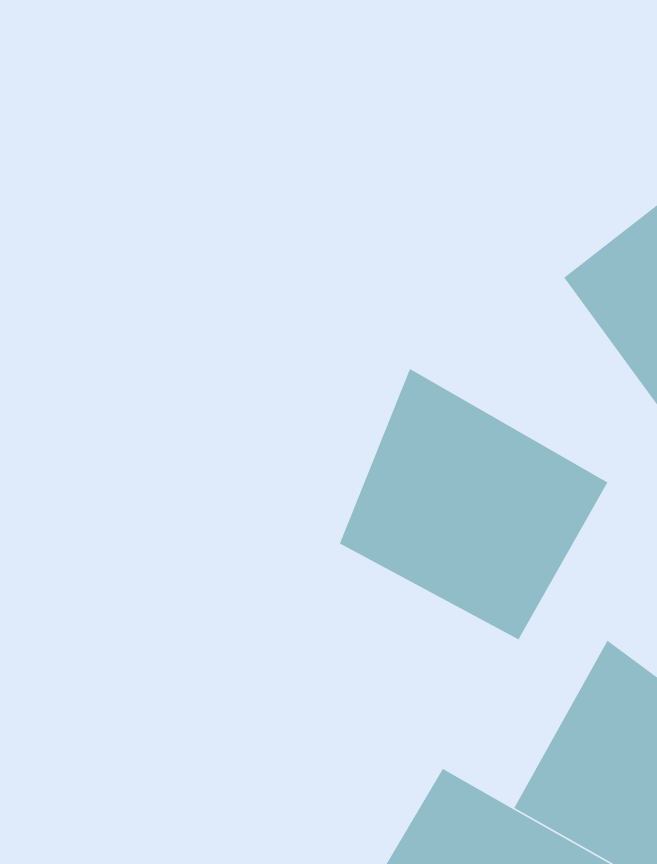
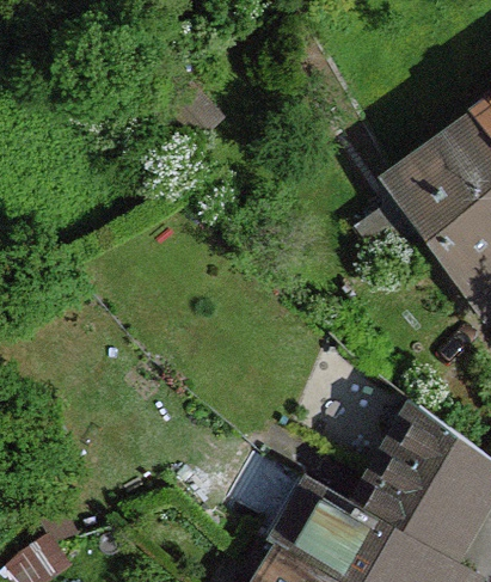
building: [339,368,608,641] -> none

